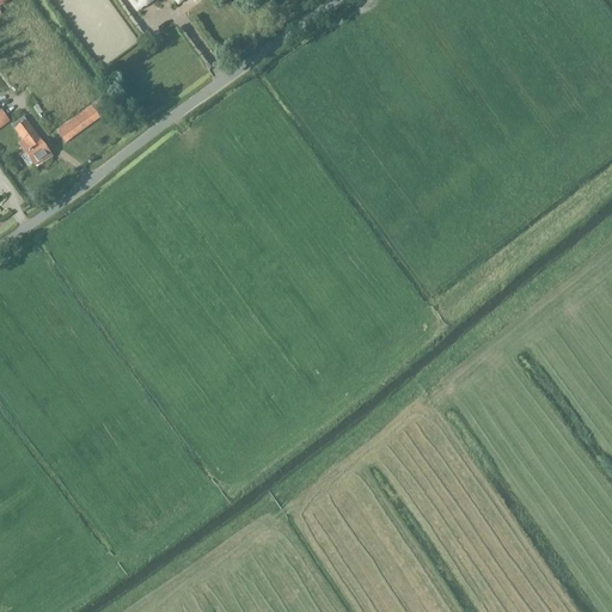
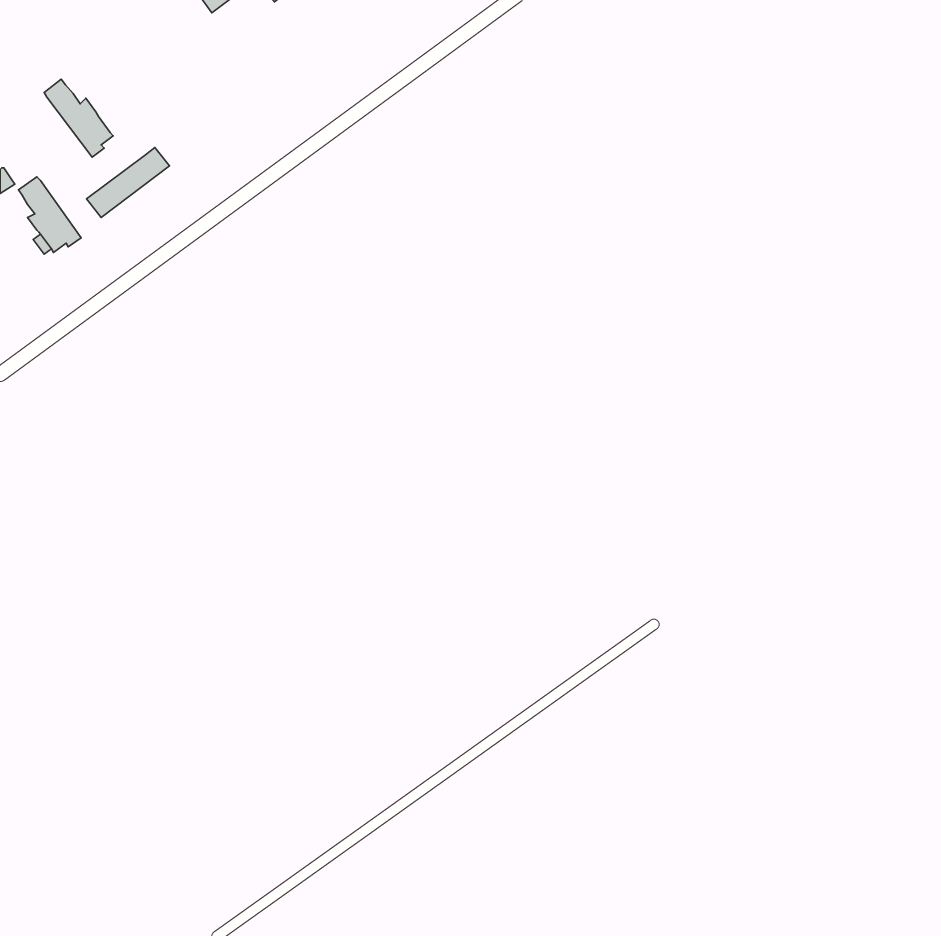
building: none -> [44,79,113,157]

